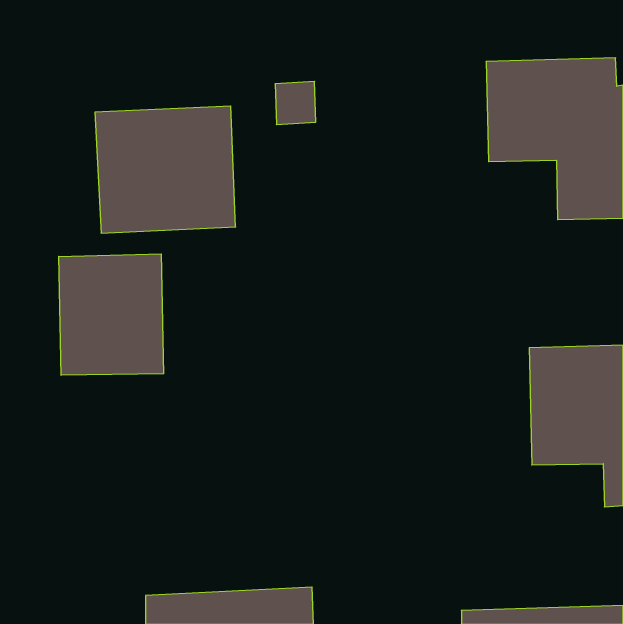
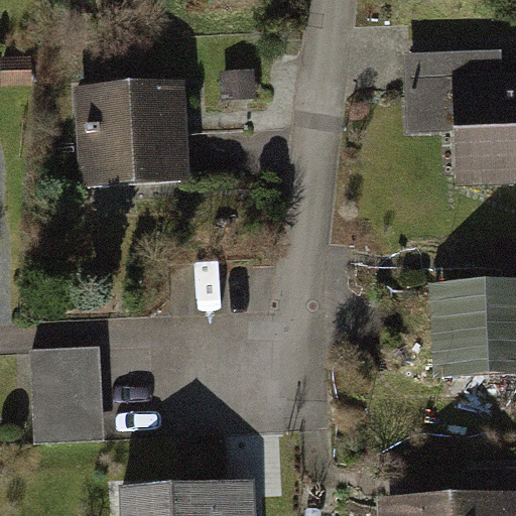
building: [59,254,164,375] -> none
building: none -> [32,345,111,444]

